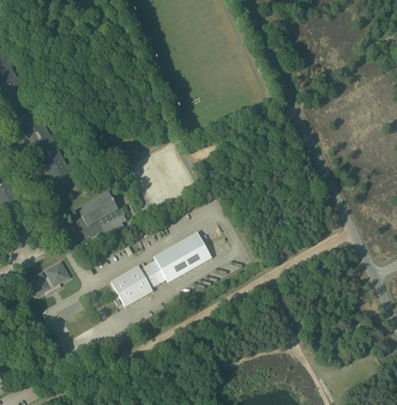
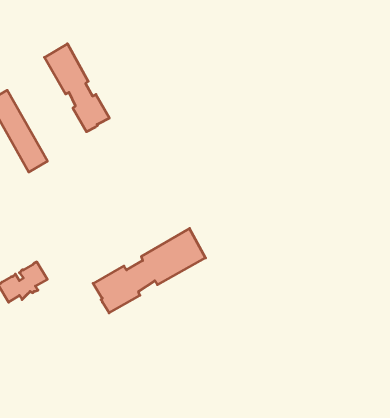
building: none -> [44,44,109,132]
building: [74,191,126,235] -> none

